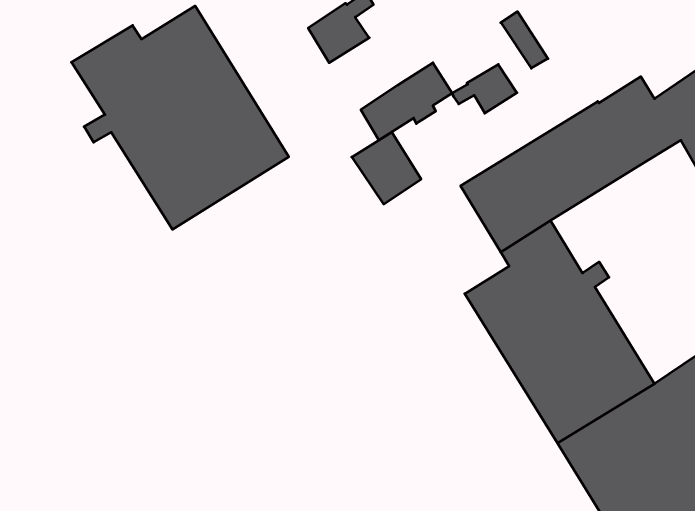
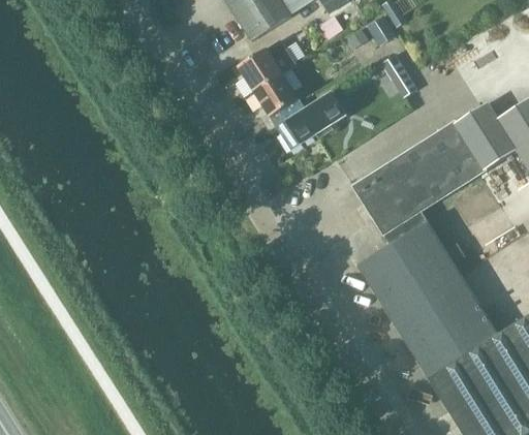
building: [71,6,289,229] -> none
building: [452,64,517,113] -> none
building: [352,132,421,204] -> [254,73,306,127]

